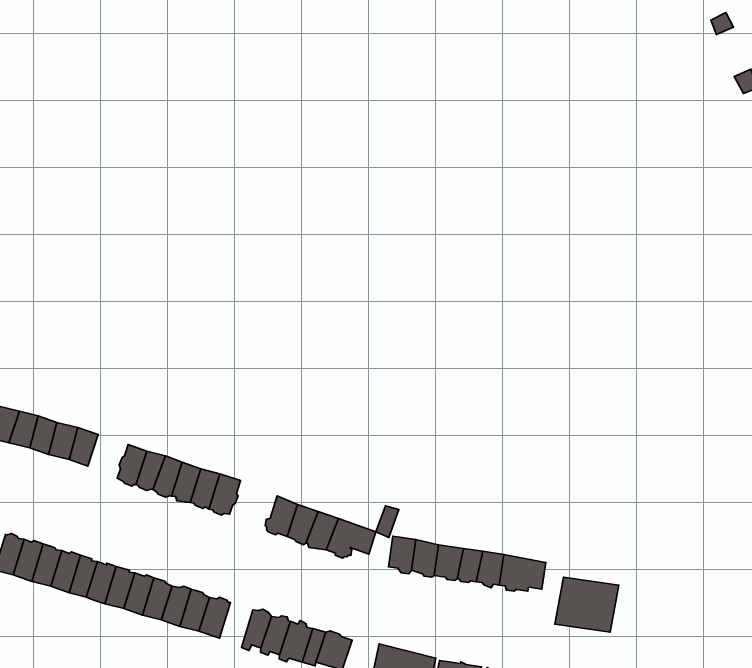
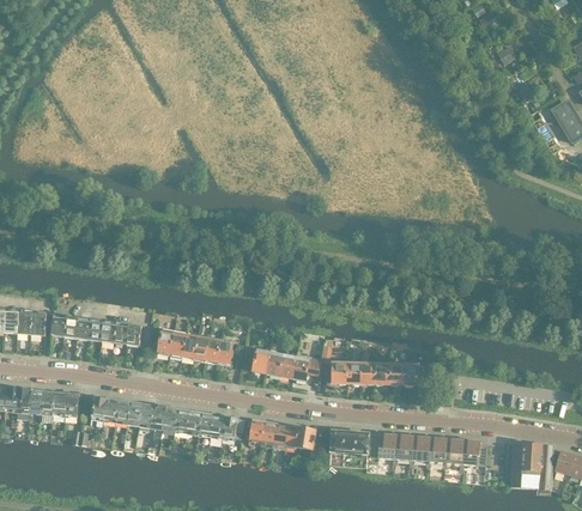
building: [555,577,619,632] -> none

